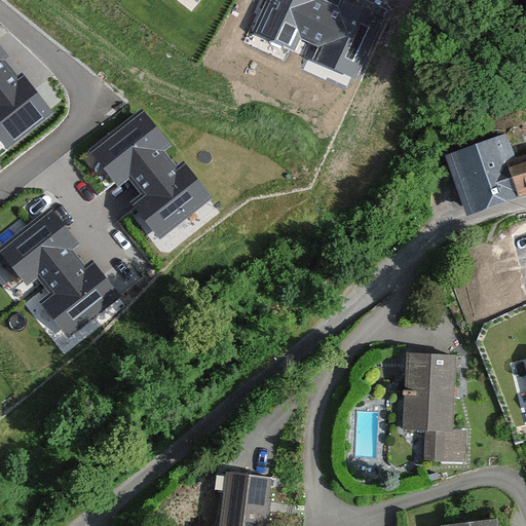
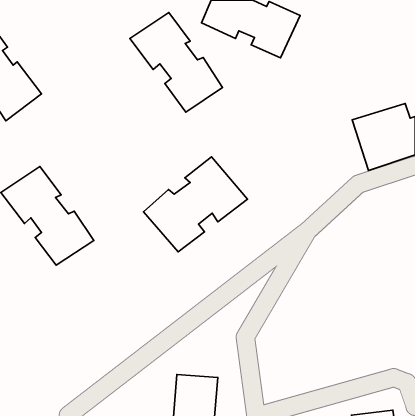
building: [85,111,202,236] -> [130,13,223,112]
building: none -> [144,157,247,252]
building: [402,352,467,462] -> none

